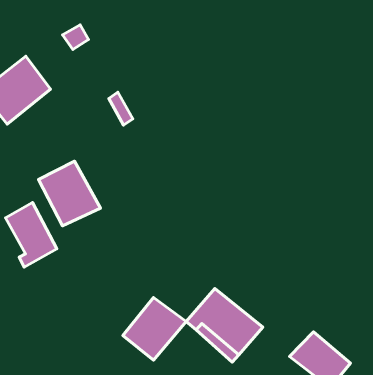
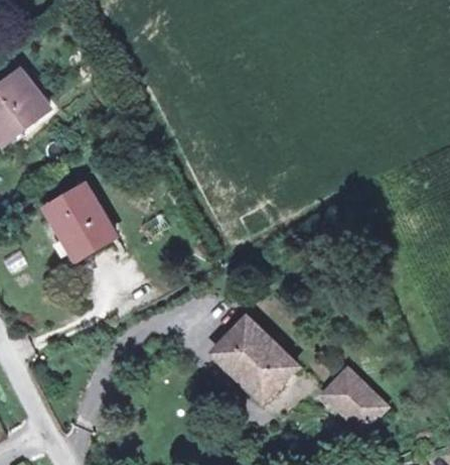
building: [6,202,57,267] -> none
building: [123,298,186,360] -> none

